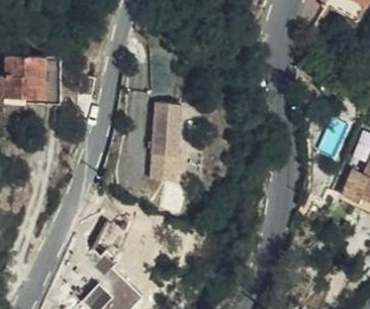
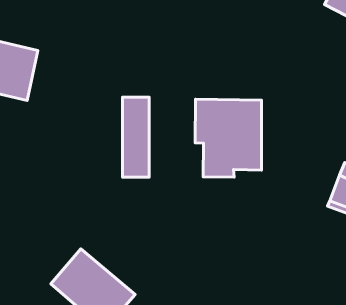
building: none -> [195,99,261,177]

